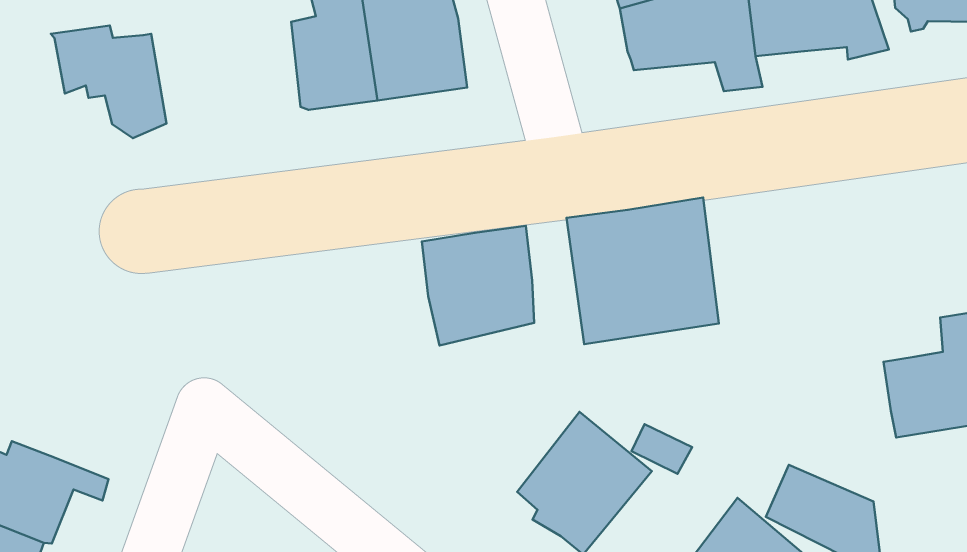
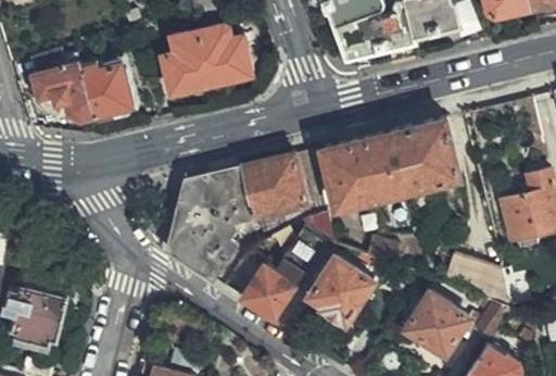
building: none -> [84,62,134,114]
building: none -> [391,111,463,192]
building: none -> [166,164,256,281]
building: none -> [239,231,319,325]

